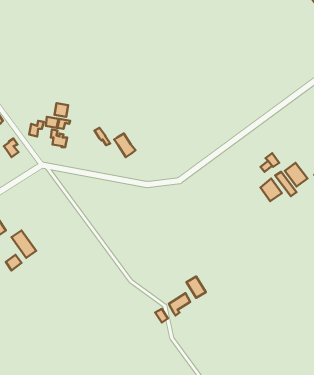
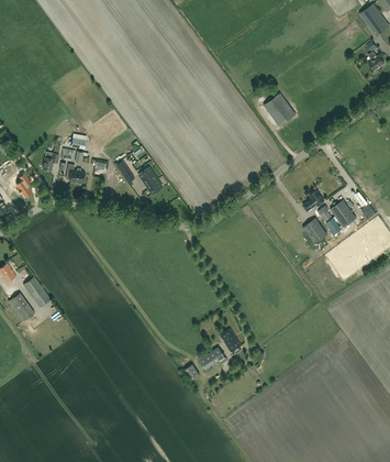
building: none -> [264,92,296,125]

